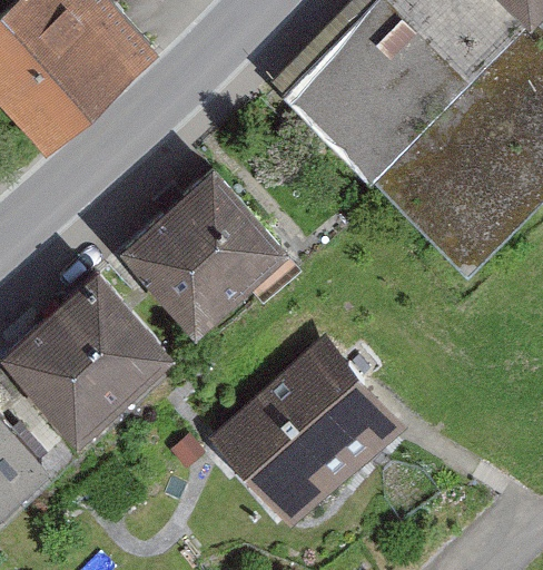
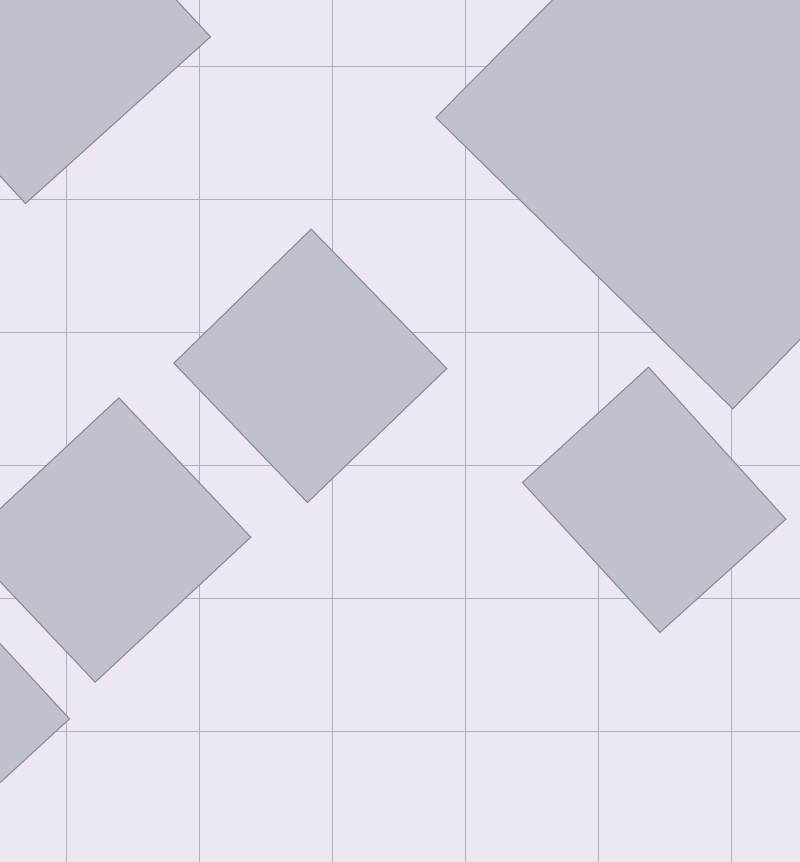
building: none -> [523,367,786,633]
building: [218,344,419,542] -> none

